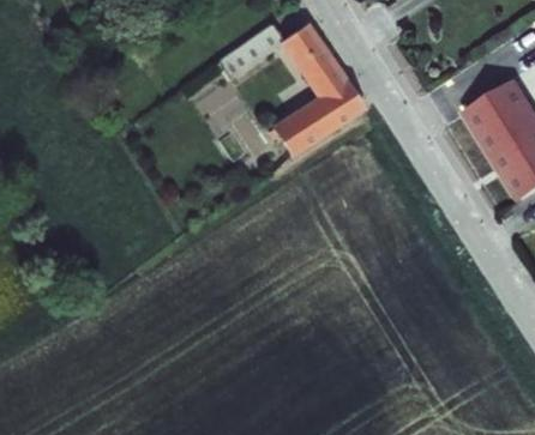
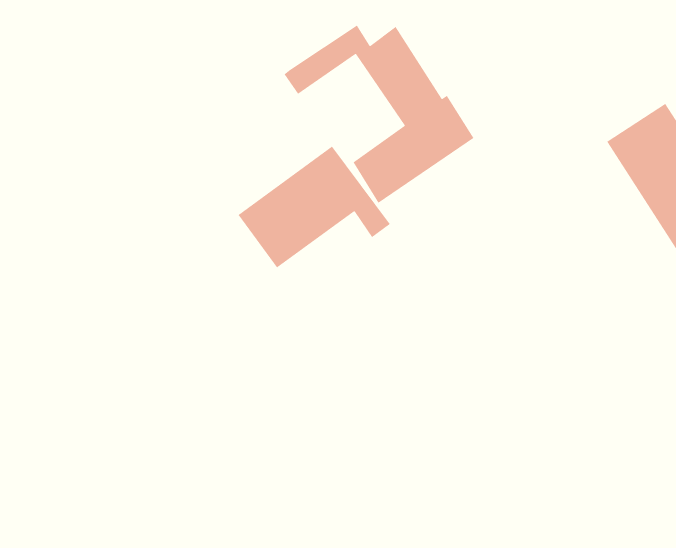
building: none -> [238,145,391,269]

